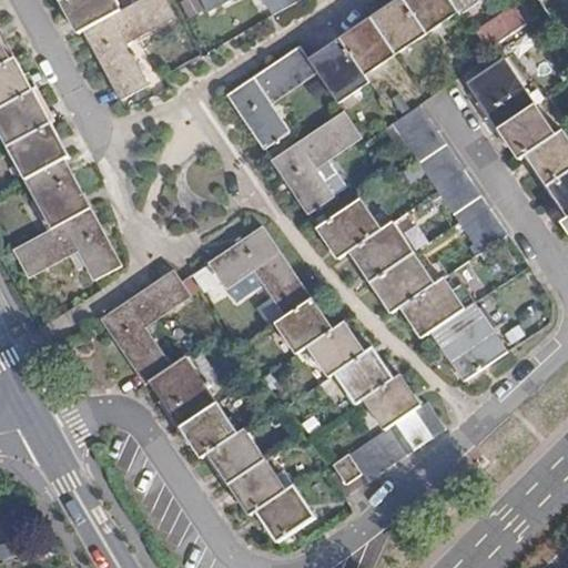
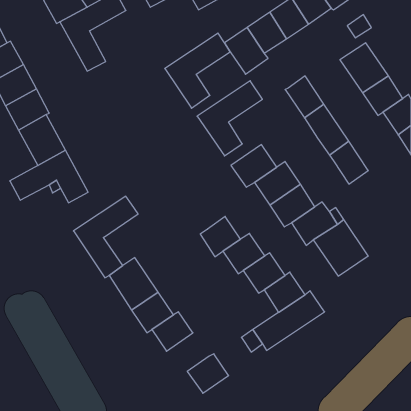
building: [209,227,310,315] -> none
building: [229,457,287,515] -> none

